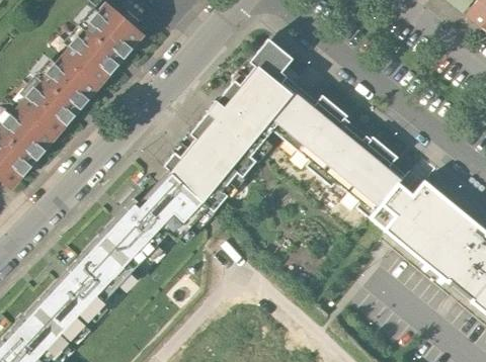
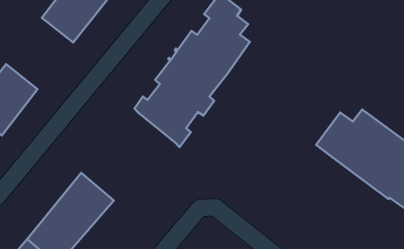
building: [21,55,99,135] -> none
building: [273,94,402,216] -> none
building: [100,169,210,267] -> none

